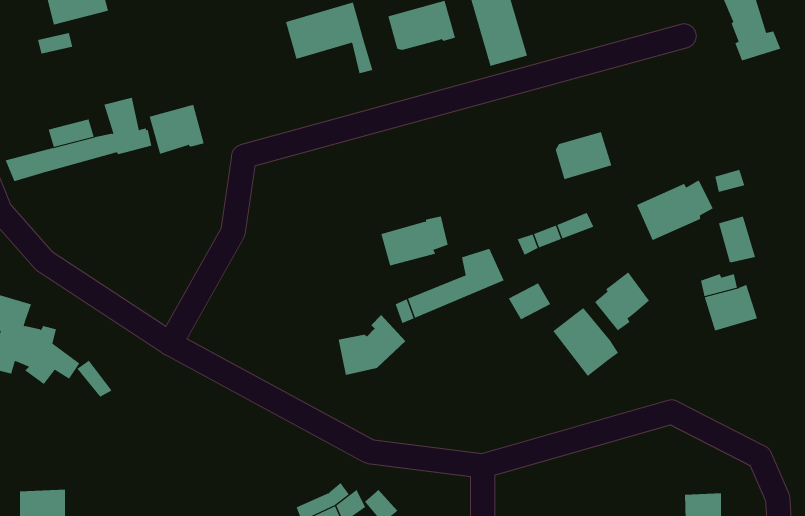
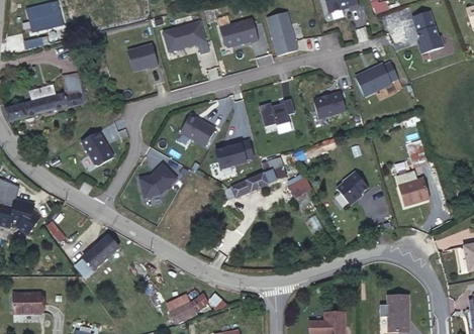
building: [149,104,204,154] -> [128,45,160,74]
building: none -> [259,99,296,127]
building: none -> [180,114,215,146]
building: [636,180,713,241] -> [356,62,399,96]
building: none -> [84,135,116,171]
building: [552,307,619,377] -> none
building: [338,314,406,375] -> [138,162,177,197]
building: none -> [76,235,118,275]

